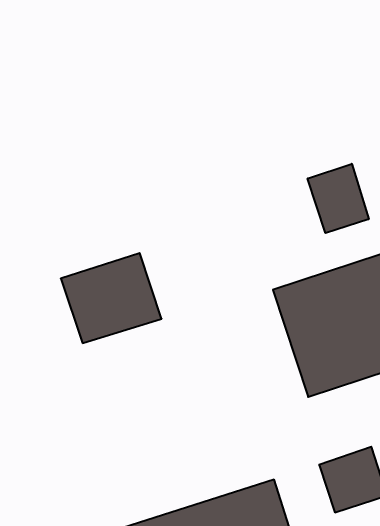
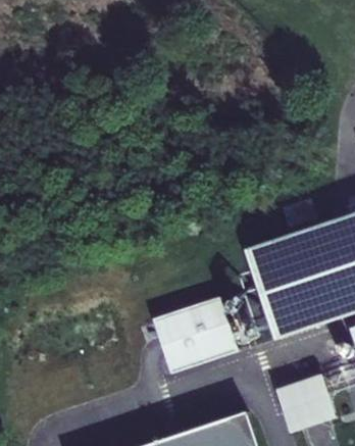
building: [308,164,369,233] -> none
building: [61,253,162,343] -> [160,293,245,368]

